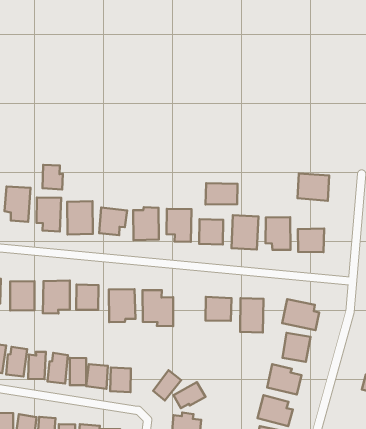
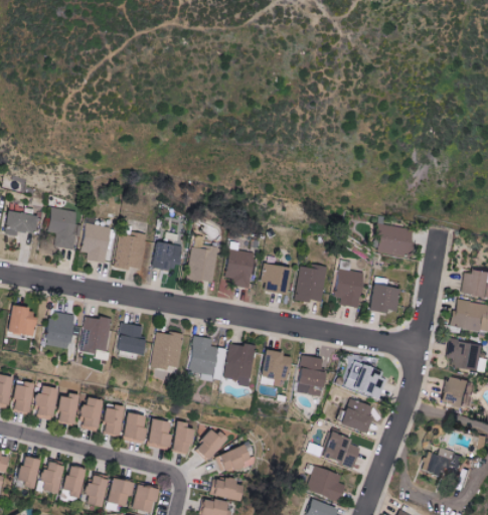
building: [42,165,63,189] -> none
building: [206,183,238,204] -> none
building: none -> [227,343,257,386]
building: none -> [171,420,195,454]

